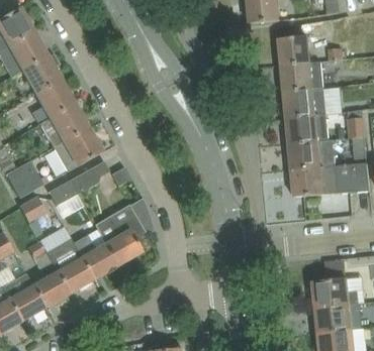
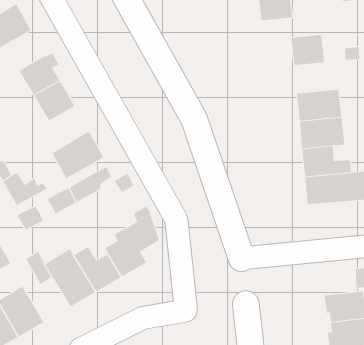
building: [8,32,48,71] -> none
building: [281,62,323,92] -> none
building: [38,104,88,148] -> none
building: [32,271,70,308] -> none

